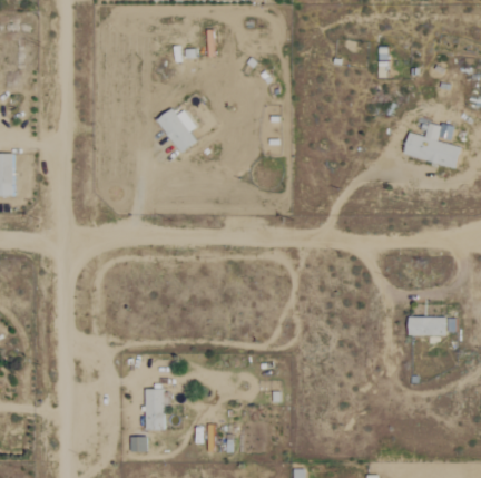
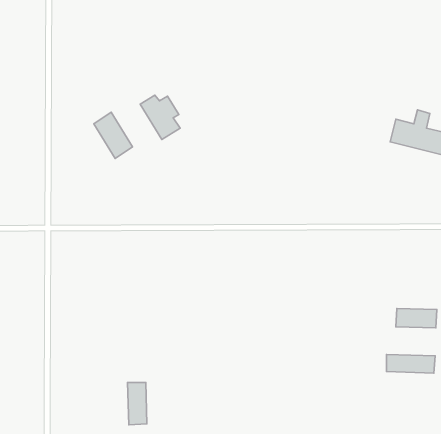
building: none -> [94,112,133,158]
building: none -> [386,355,435,373]

